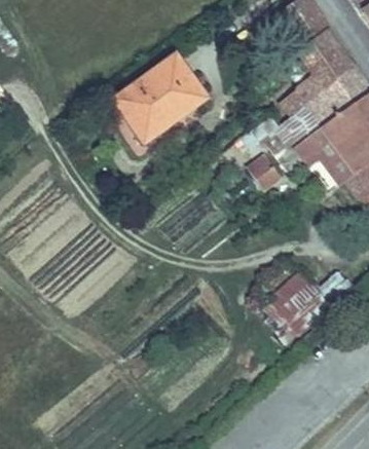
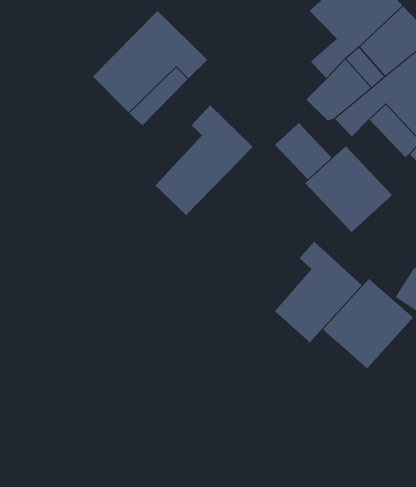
building: none -> [154,105,253,216]
building: none -> [305,146,393,233]
building: none -> [274,241,363,343]

